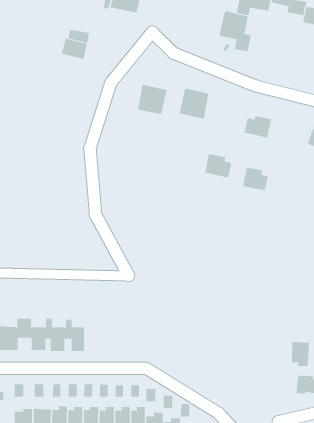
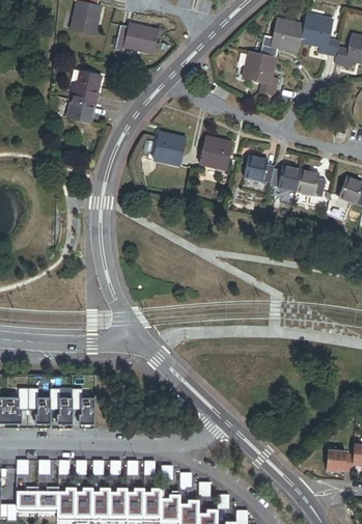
building: none -> [65,99,94,122]
building: [204,153,232,178] -> [243,156,273,183]
building: [242,167,269,191] -> [296,170,325,196]
building: [291,341,309,367] -> none

